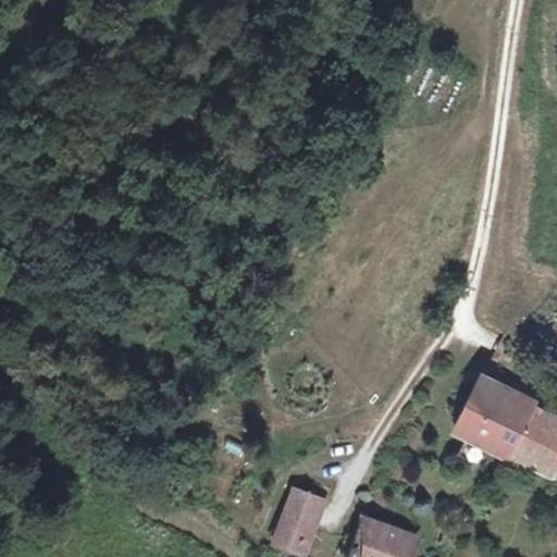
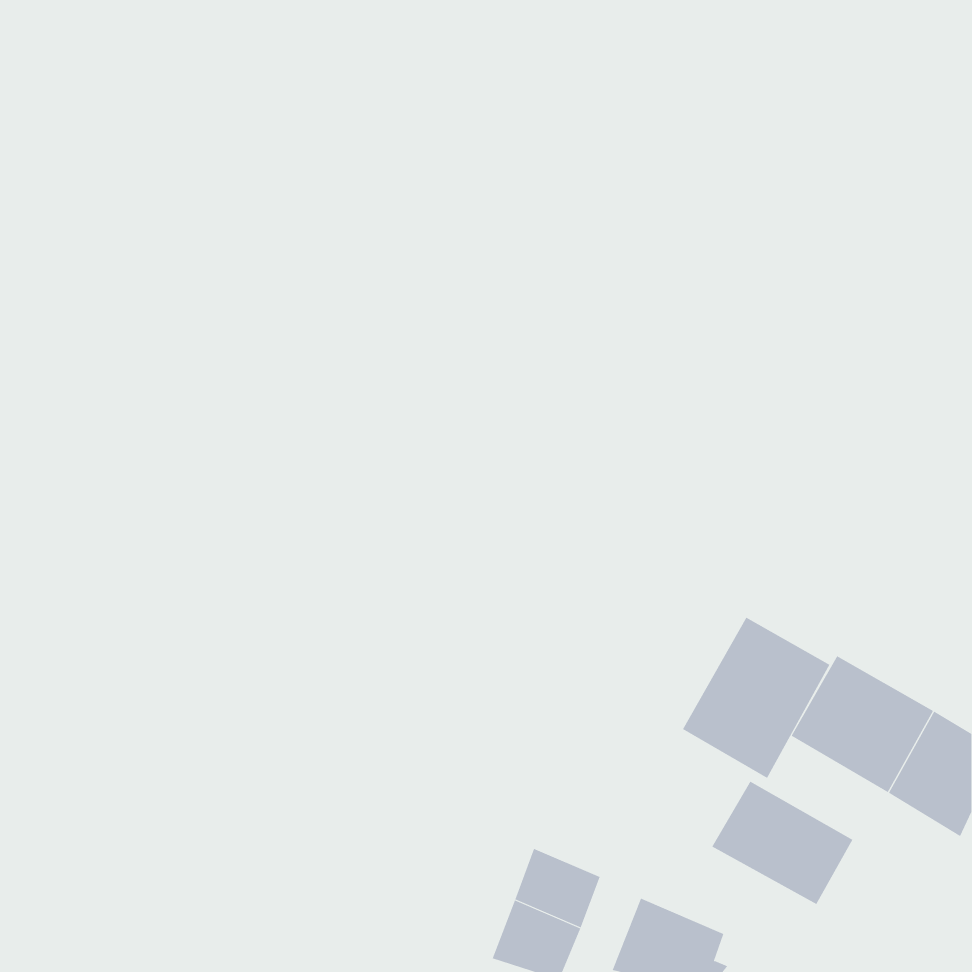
building: none -> [682,617,830,779]
building: none -> [712,781,853,905]

